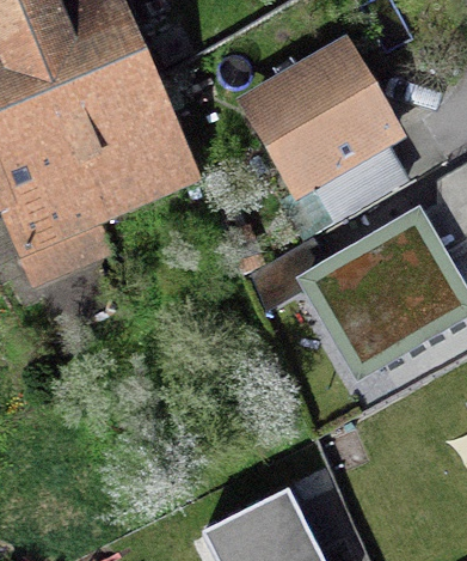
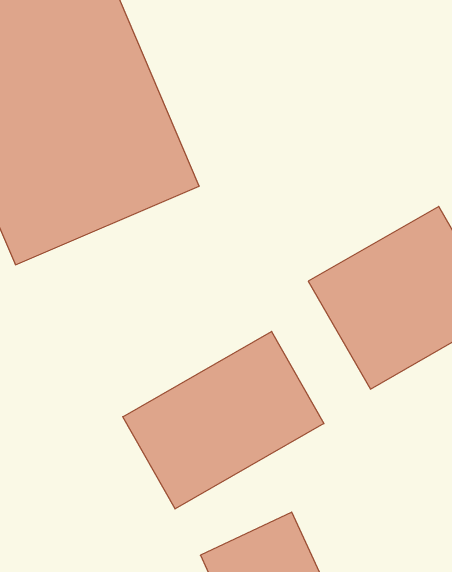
building: [248,54,391,191] -> none
building: none -> [123,331,324,509]

